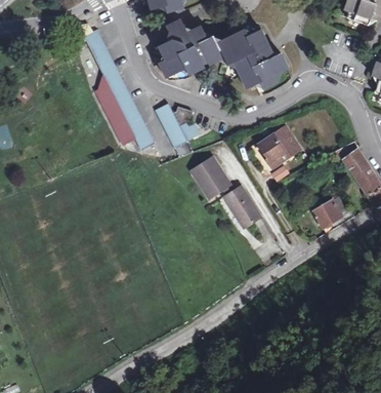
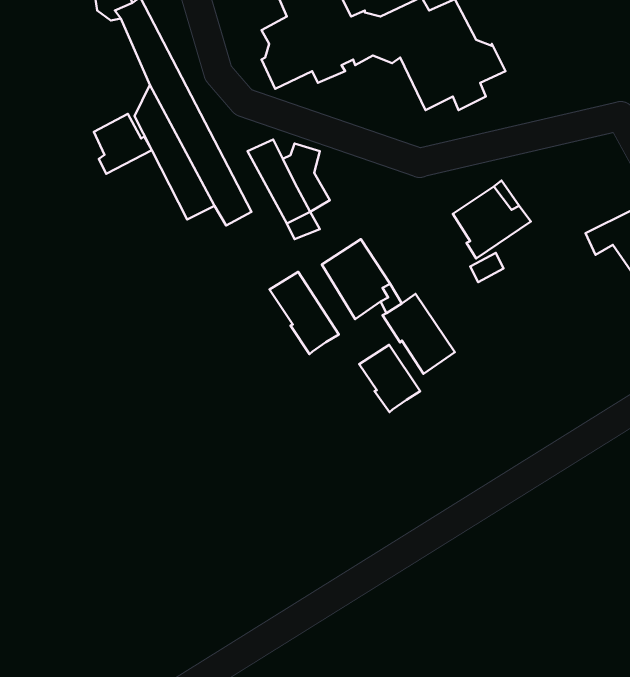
building: none -> [94,114,152,174]
building: none -> [269,272,339,354]
building: [312,197,348,228] -> none
building: none -> [359,345,420,412]

